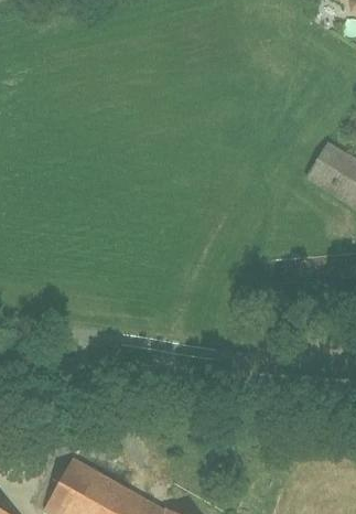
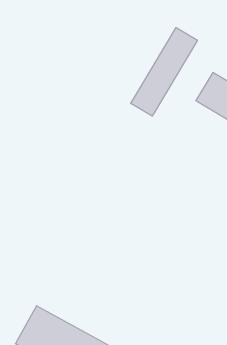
building: none -> [131,28,197,116]

